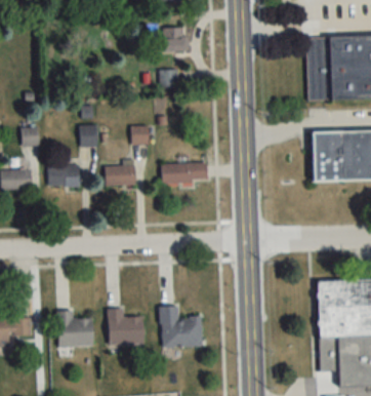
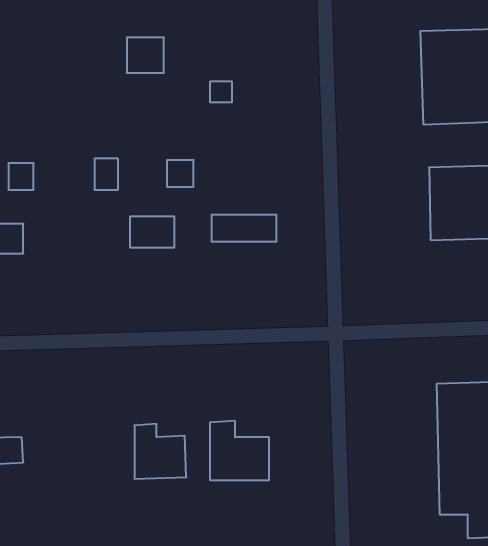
building: [163,27,189,51] -> [127,37,164,73]
building: [49,165,80,187] -> none
building: [57,310,93,347] -> none

